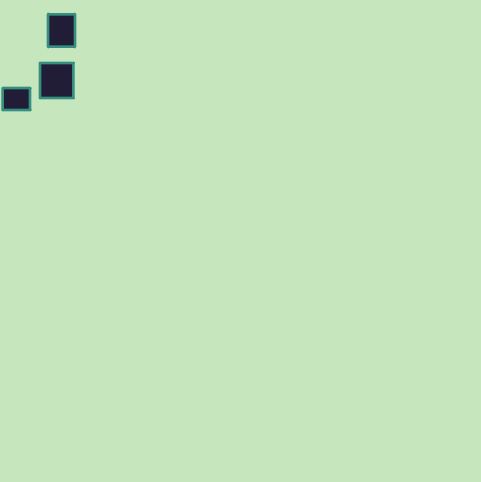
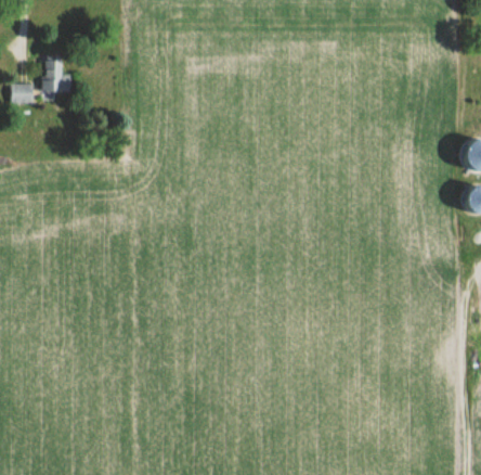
building: [48,14,75,47] -> none

